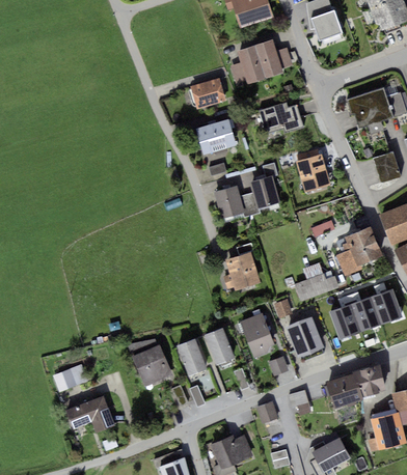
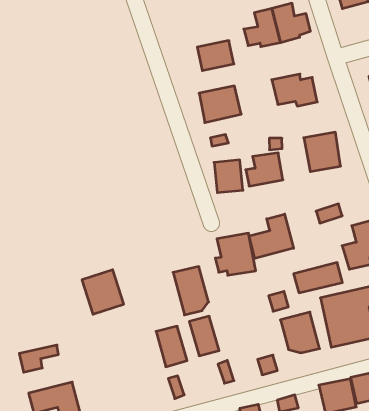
building: none -> [249,214,294,258]
building: [240,313,274,358] -> [173,267,209,315]
building: [133,345,172,387] -> [82,270,124,314]

